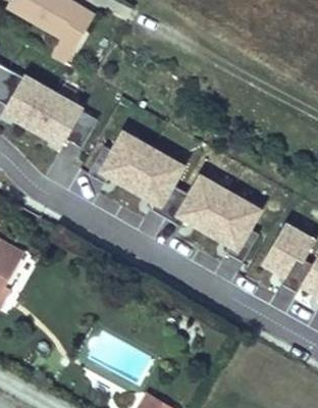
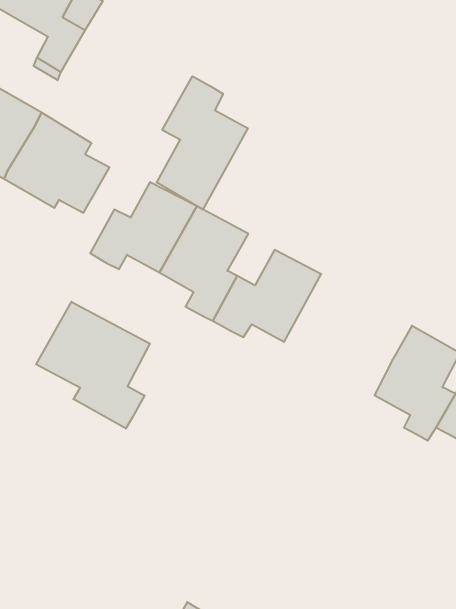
building: none -> [157,76,248,209]
building: [207,189,263,261] -> none
building: none -> [36,302,150,429]

